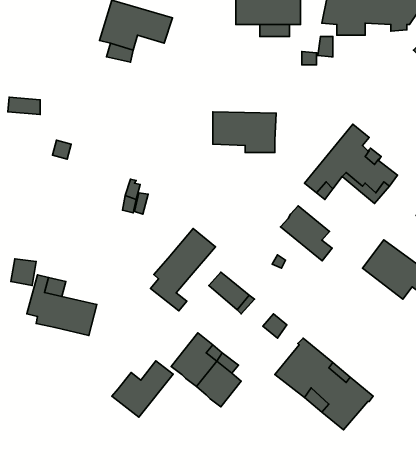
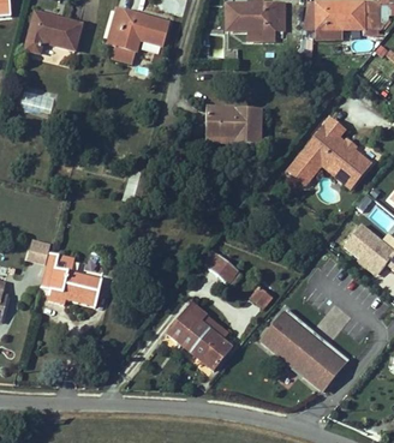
building: none -> [25,12,80,53]
building: [281,206,332,261] -> none
building: [150,229,215,311] -> none
building: [112,361,173,417] -> none

